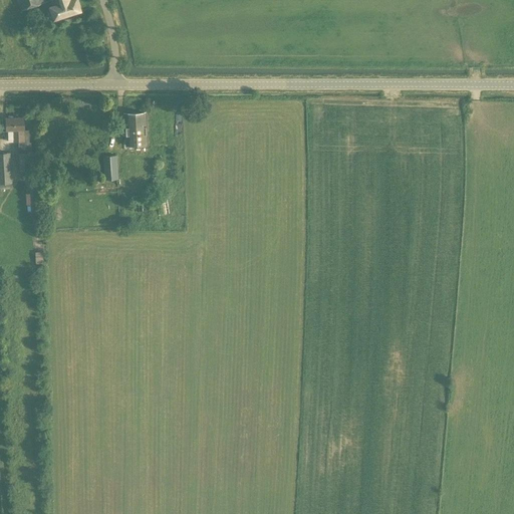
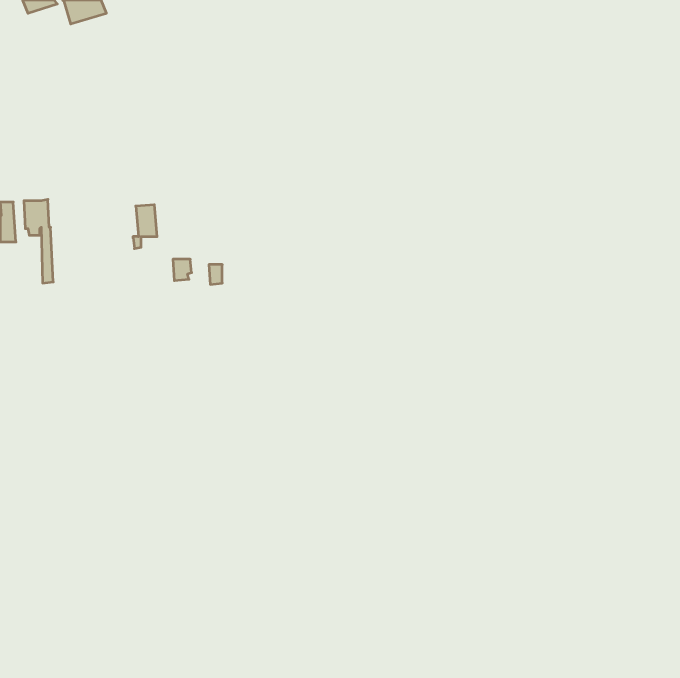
building: [124,114,147,147] -> none
building: [5,116,24,143] -> none

